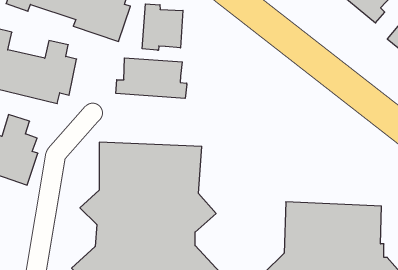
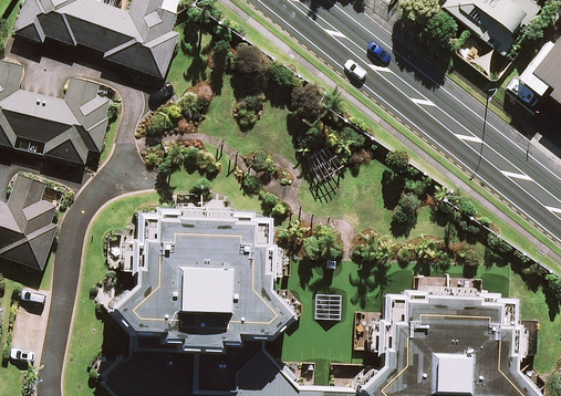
building: [142,4,183,50] -> none
building: [116,58,187,98] -> none

